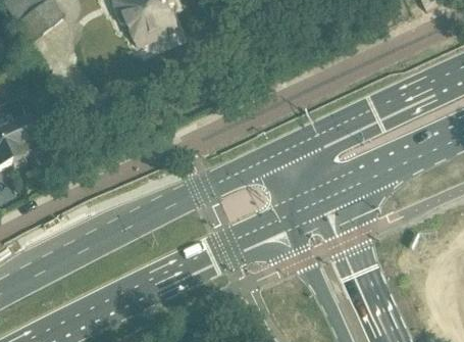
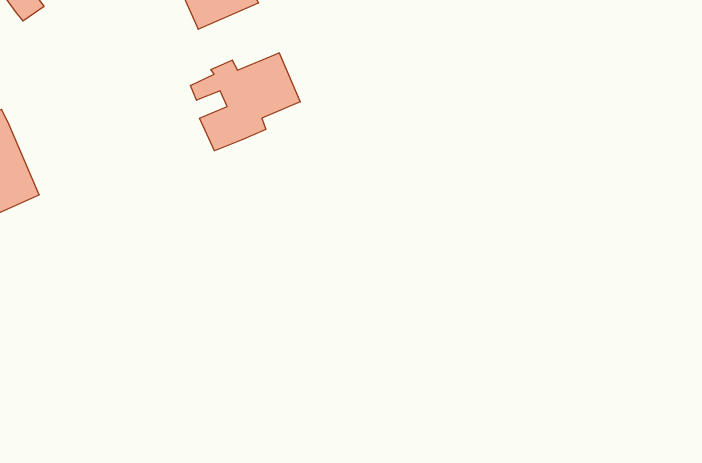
building: none -> [190,53,300,151]

